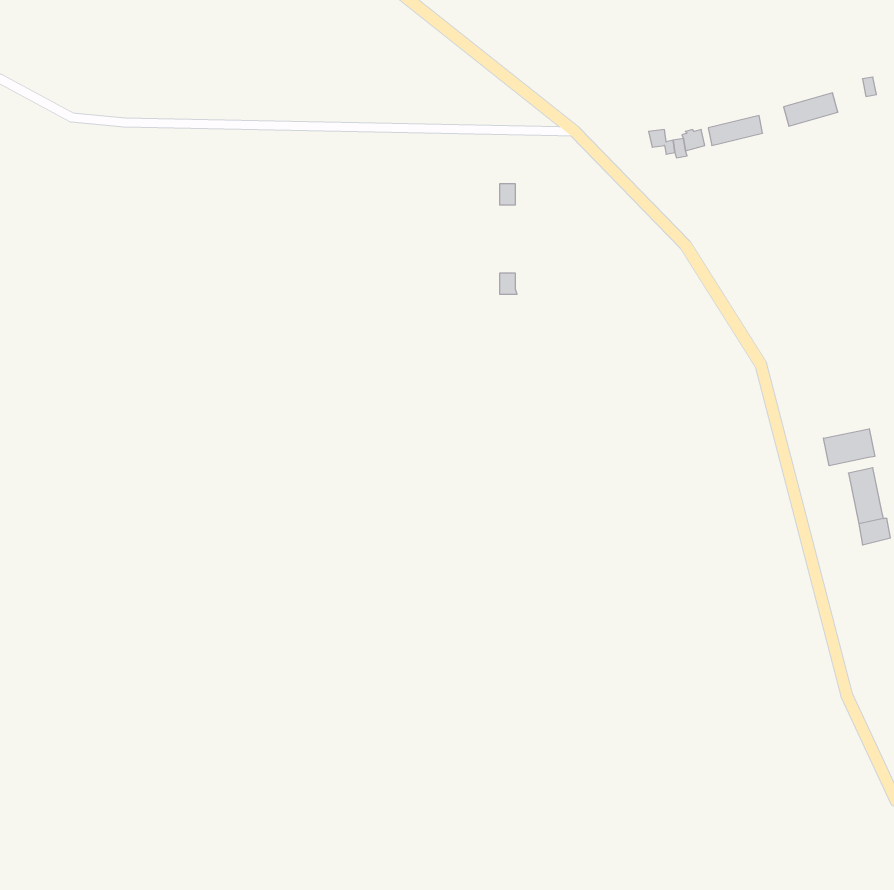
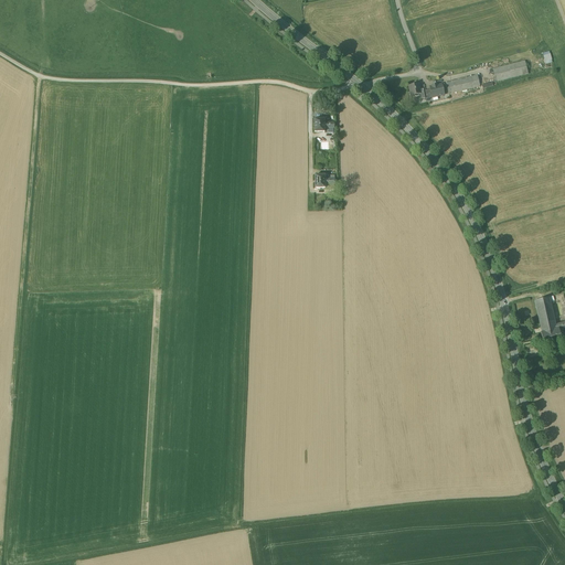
building: [824,429,875,466] -> none

